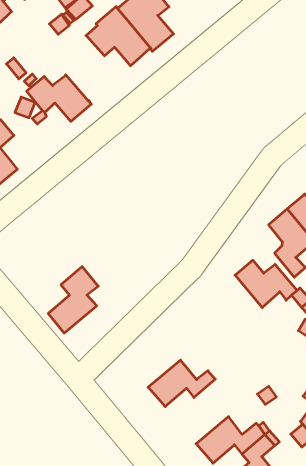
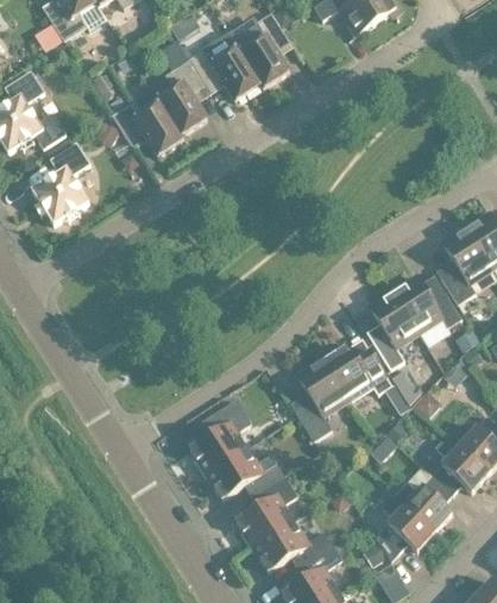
building: none -> [156,43,206,136]
building: [48,267,98,333] -> [189,400,251,473]
building: none -> [294,358,348,441]
building: none -> [235,475,296,546]

